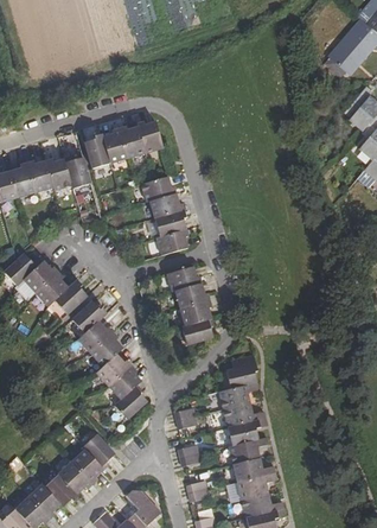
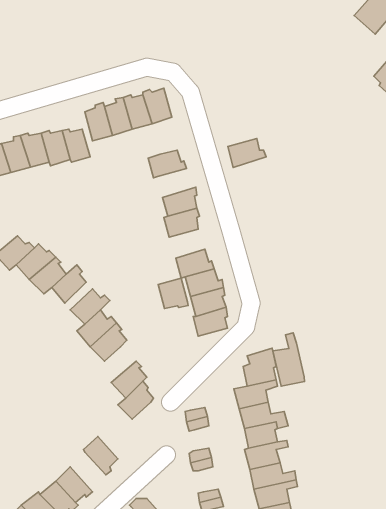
building: [149,193,184,220] -> [228,138,266,167]
building: none -> [158,278,188,308]
building: none -> [273,333,305,386]
building: [95,354,130,386] -> none
building: [71,449,103,484] -> none

